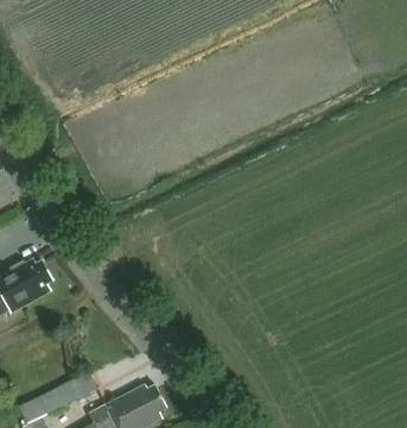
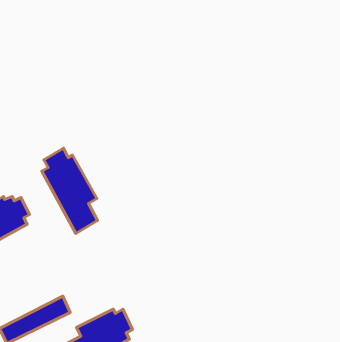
building: none -> [42,148,97,234]

